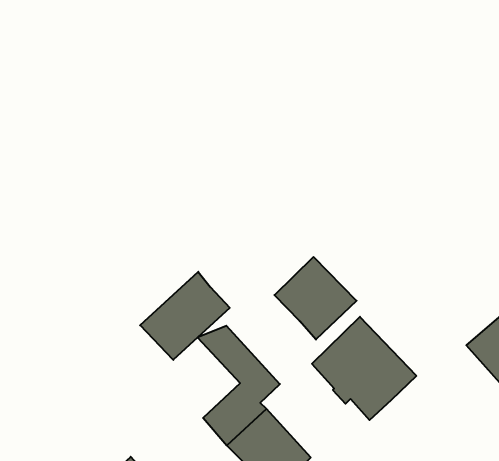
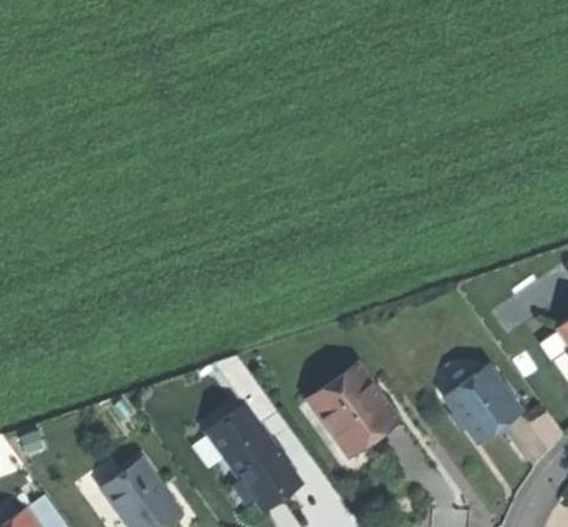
building: [274,257,357,340] -> none
building: [140,272,230,360] -> none

